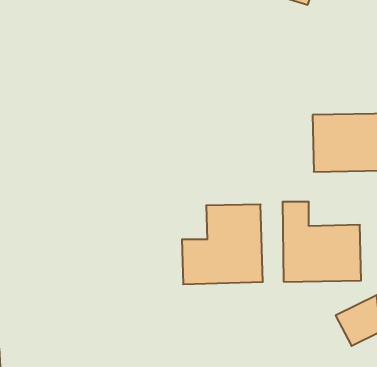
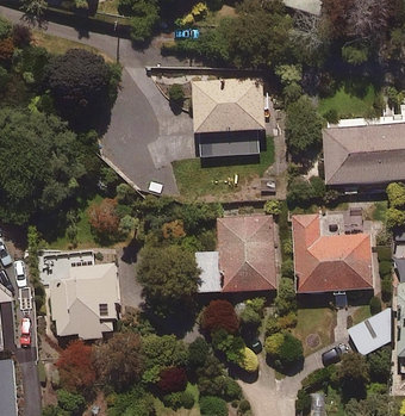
building: none -> [191,76,263,154]
building: none -> [50,265,119,334]

